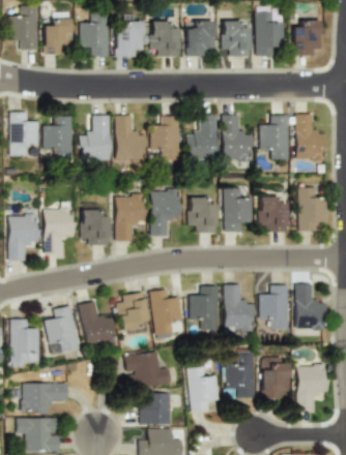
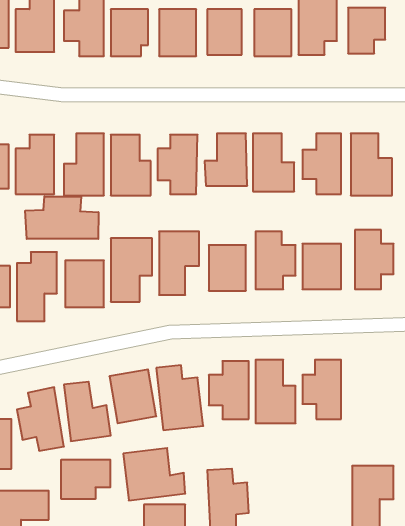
building: none -> [25,196,98,239]
building: [295,283,326,330] -> none
building: [223,350,255,398] -> none
building: none -> [61,460,110,499]
building: [262,364,290,398] -> none

